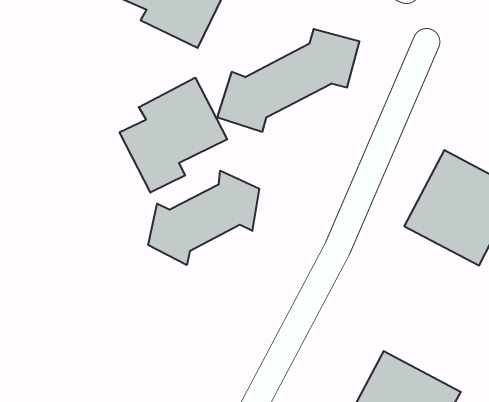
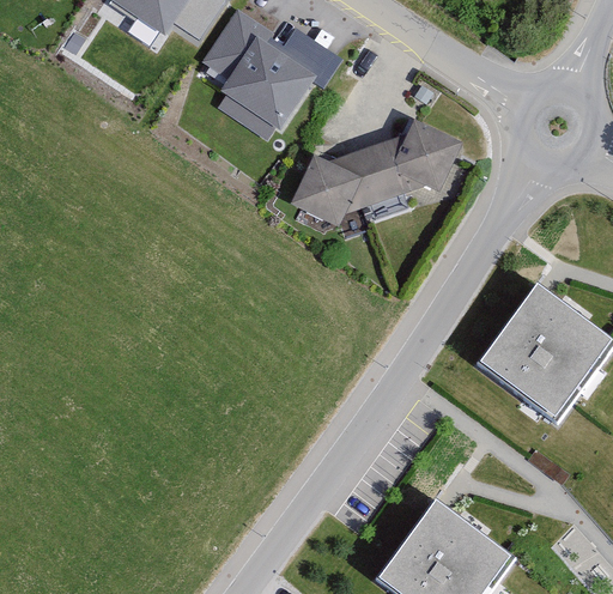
building: [120,78,227,193] -> none
building: [148,171,259,265] -> none

